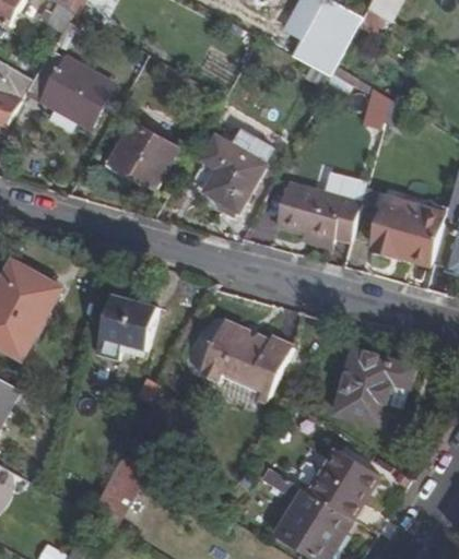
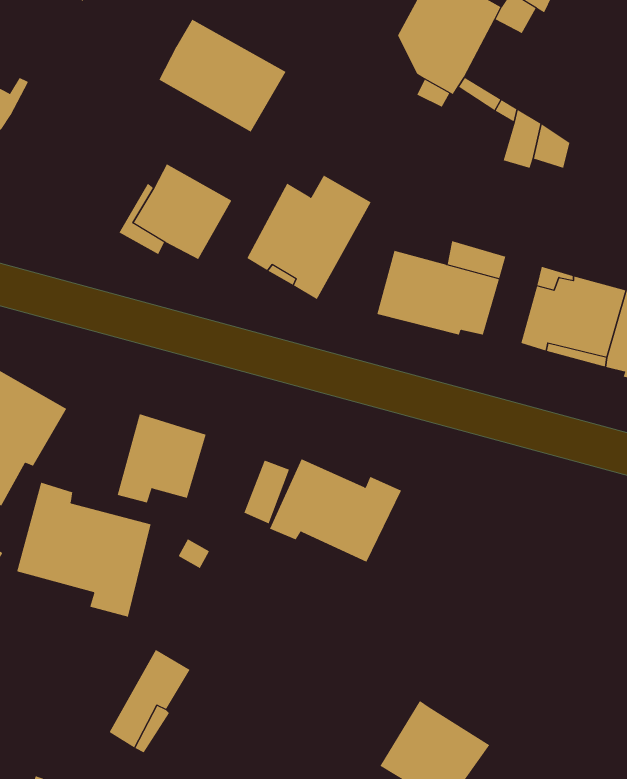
building: [25,49,113,127] -> [158,19,286,133]
building: none -> [16,482,151,618]
building: [334,348,413,425] -> none
building: [310,450,380,520] -> none

